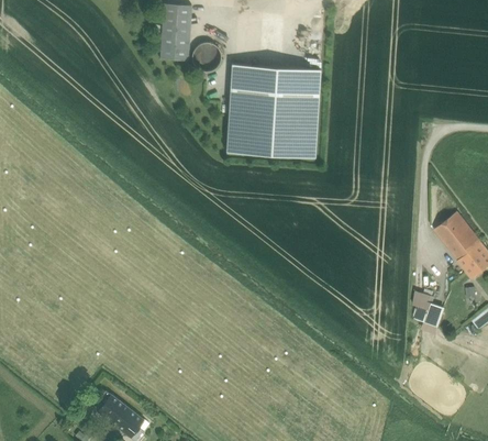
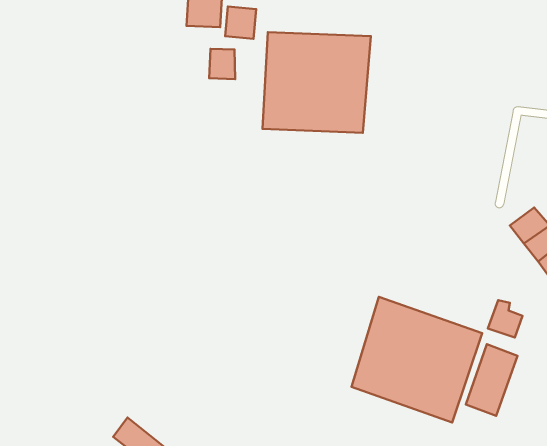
building: none -> [209,49,235,79]
building: none -> [352,297,482,423]
building: none -> [466,344,517,416]

